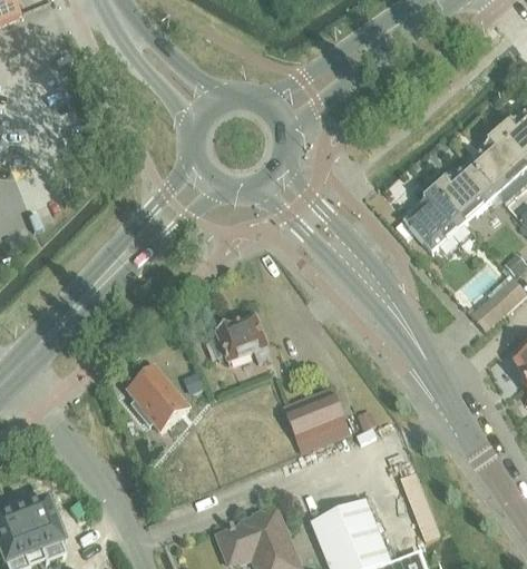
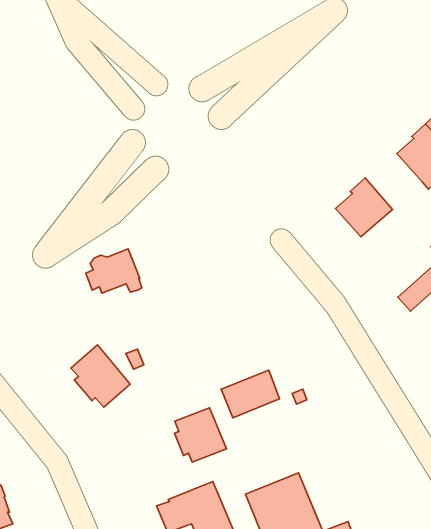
building: [436,163,496,222] -> none
building: [211,314,270,361] -> [86,249,142,293]
building: none -> [174,408,227,462]

